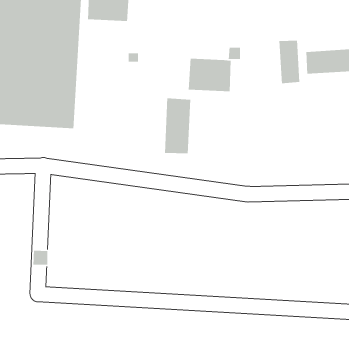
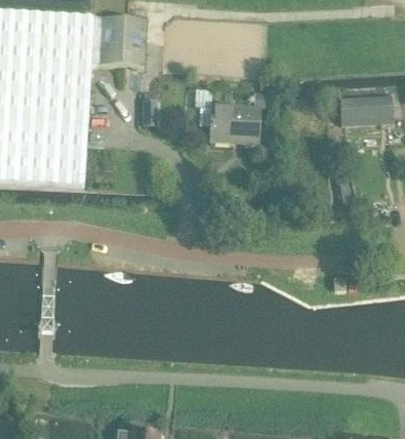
building: [279,40,300,84] -> none
building: [164,97,191,154] -> none

